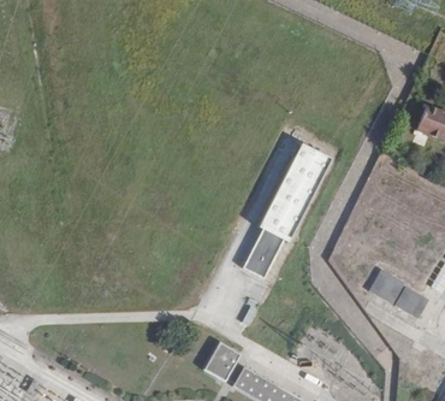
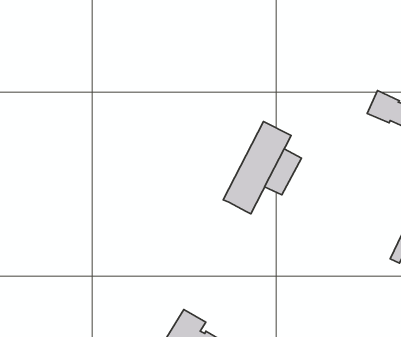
building: [244,229,283,277] -> [265,149,301,195]
building: [368,269,429,318] -> none

